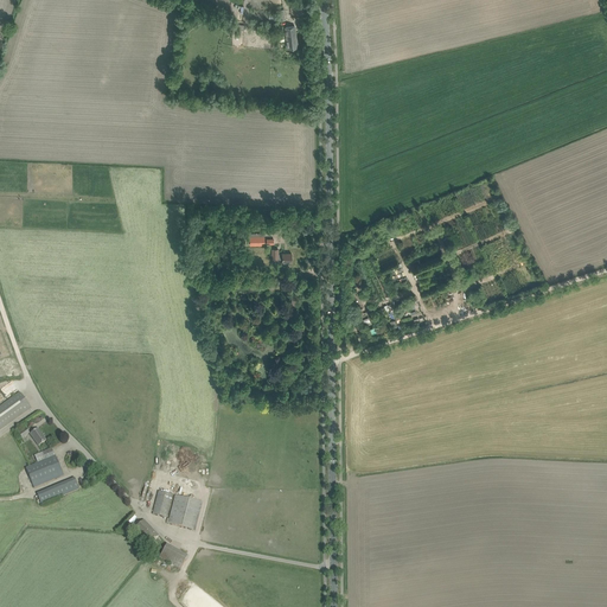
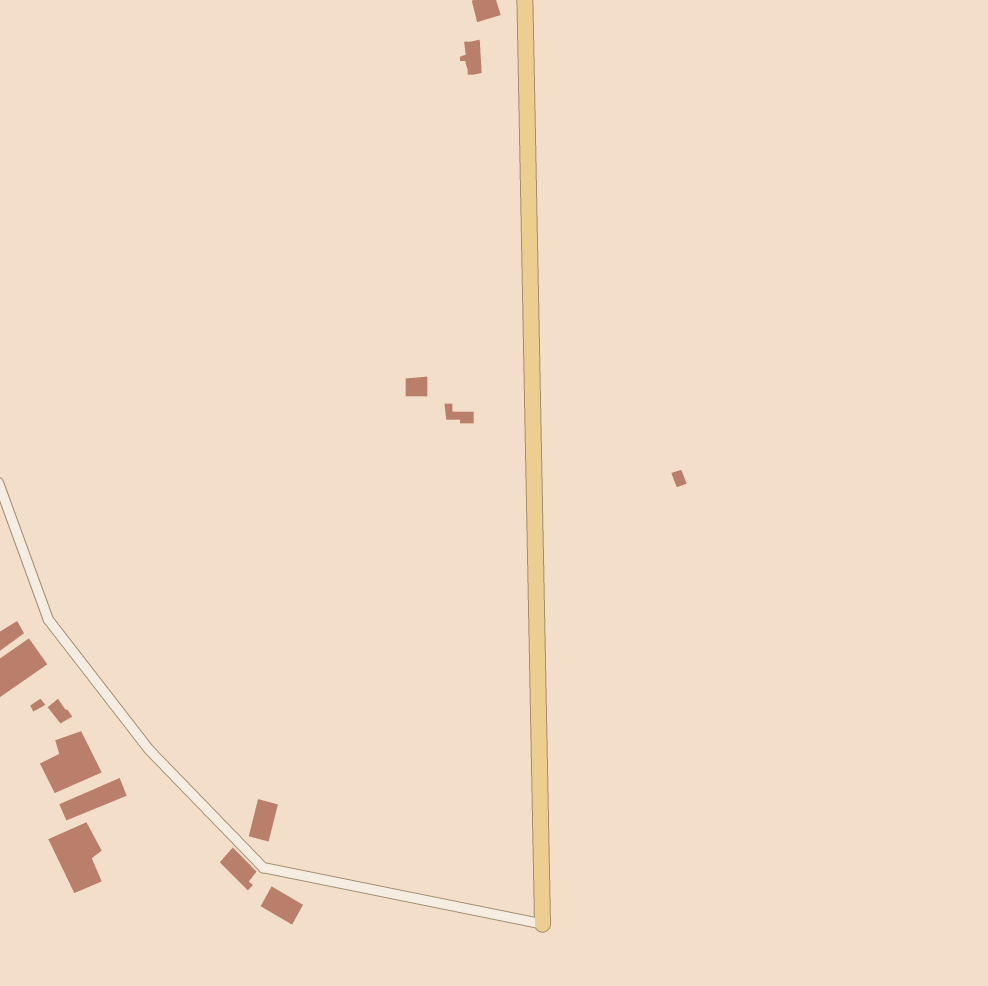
building: [165,493,200,529] -> none
building: none -> [47,821,103,894]

